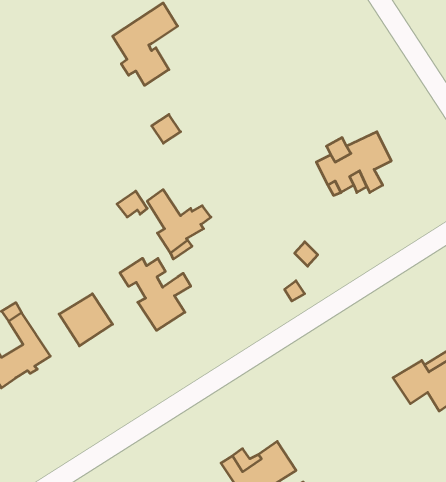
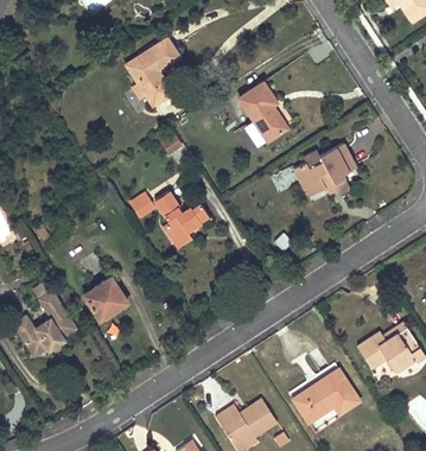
building: none -> [239,83,287,145]
building: [120,258,191,330] -> none
building: none -> [294,369,358,421]

